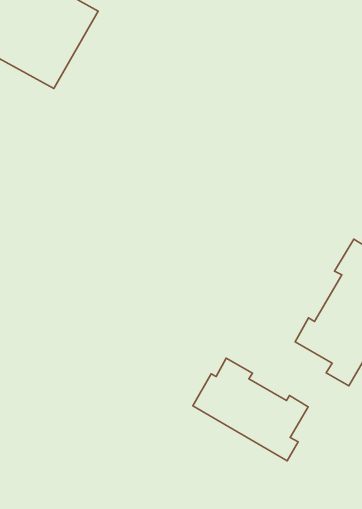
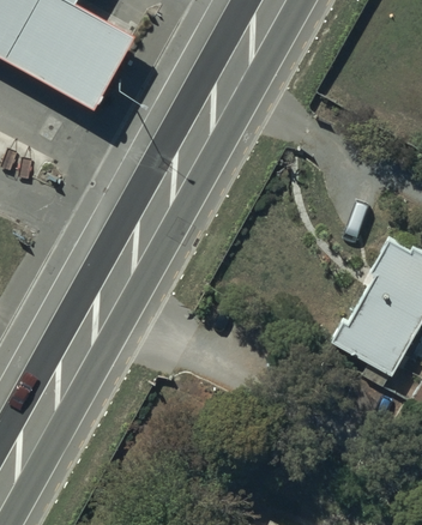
building: [193,358,308,461] -> none

